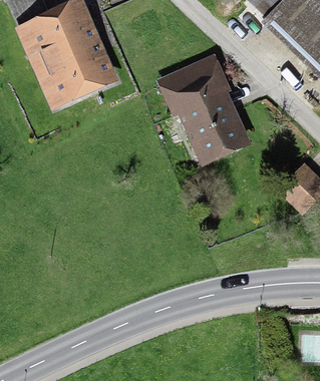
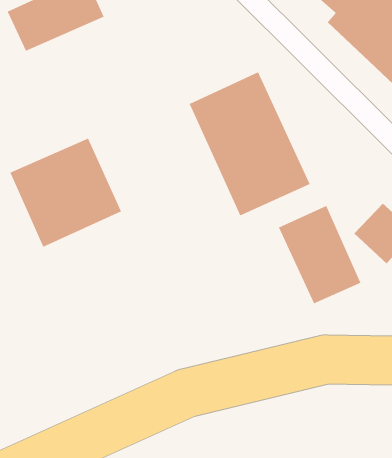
building: [38,20,122,102] -> [9,138,122,248]
building: none -> [278,205,361,304]

